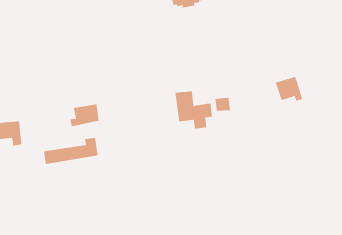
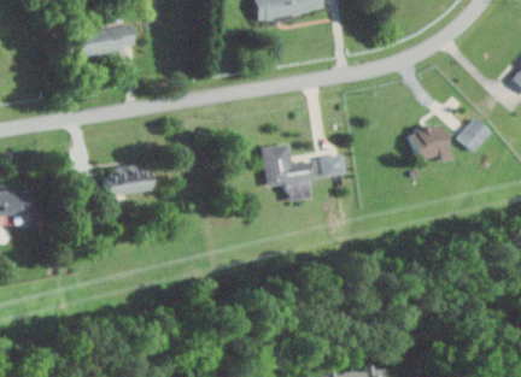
building: none -> [80,24,136,54]
building: none -> [459,117,493,152]
building: [43,137,99,165] -> none

